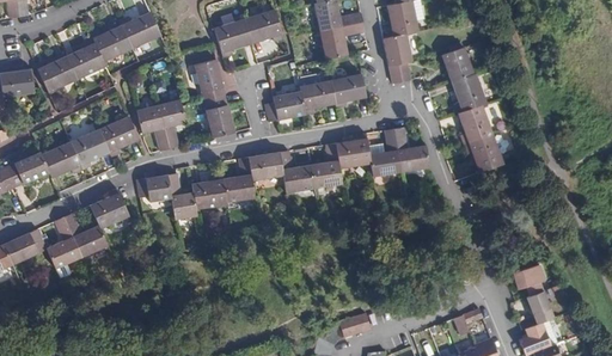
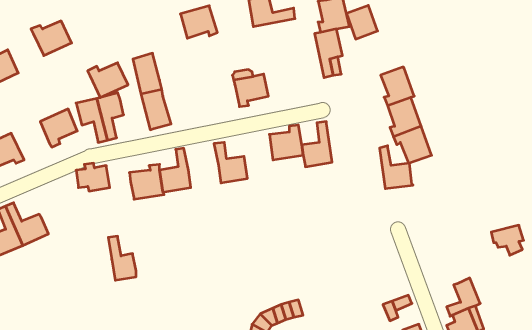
building: [118,12,160,48] -> [88,63,128,98]
building: [214,18,251,56] -> none
building: [319,23,365,59] -> none
building: [66,38,105,79] -> none
building: [441,47,473,81] -> [346,5,378,39]
building: [330,74,366,106] -> none
building: [264,91,305,122] -> none
building: [394,127,429,171] -> [380,146,413,189]
building: [69,129,109,168] -> none
building: [310,142,342,188] -> none
building: [247,152,283,179] -> none
building: [167,173,196,219] -> [108,236,136,280]
building: [90,188,129,228] -> none
building: [510,265,544,296] -> [491,225,524,255]

